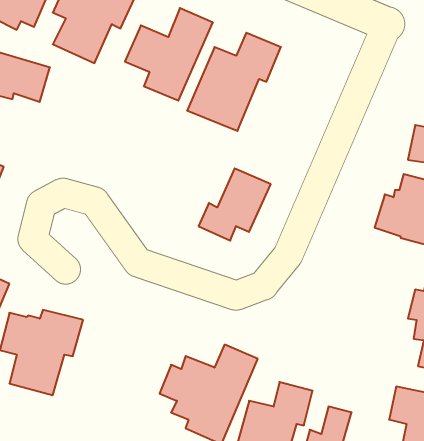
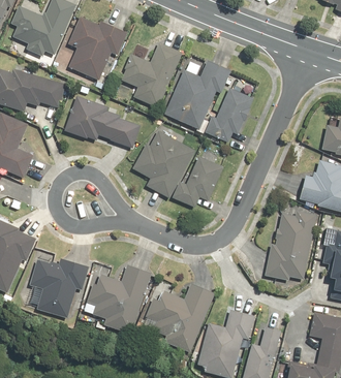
building: none -> [205,88,254,143]
building: none -> [64,96,141,149]
building: none -> [132,130,195,198]
building: none -> [265,211,316,281]
building: none -> [87,264,152,334]

